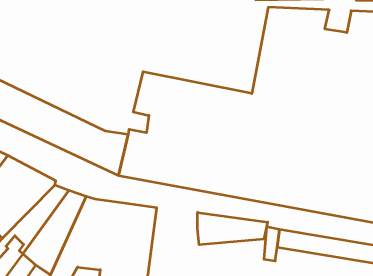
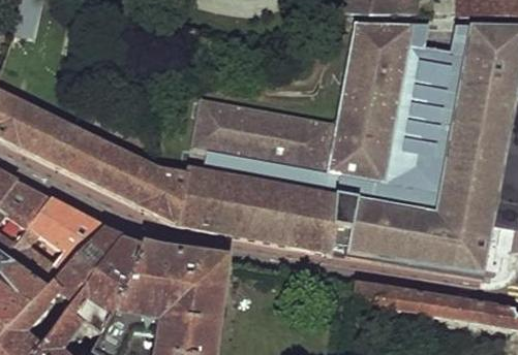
building: [197,212,268,245] -> none

